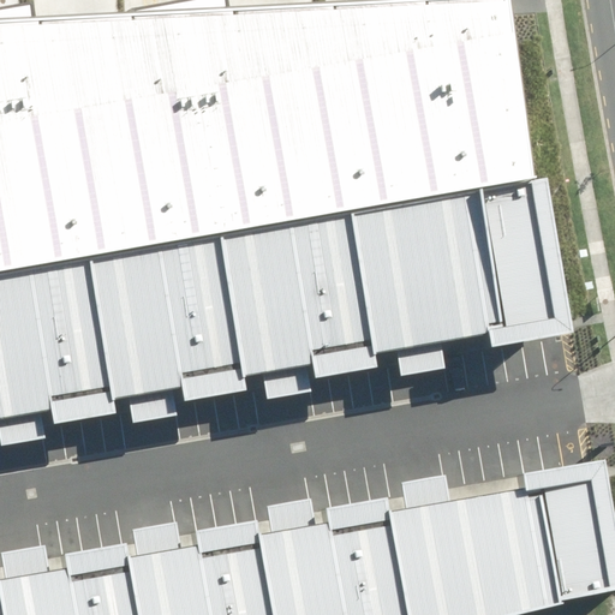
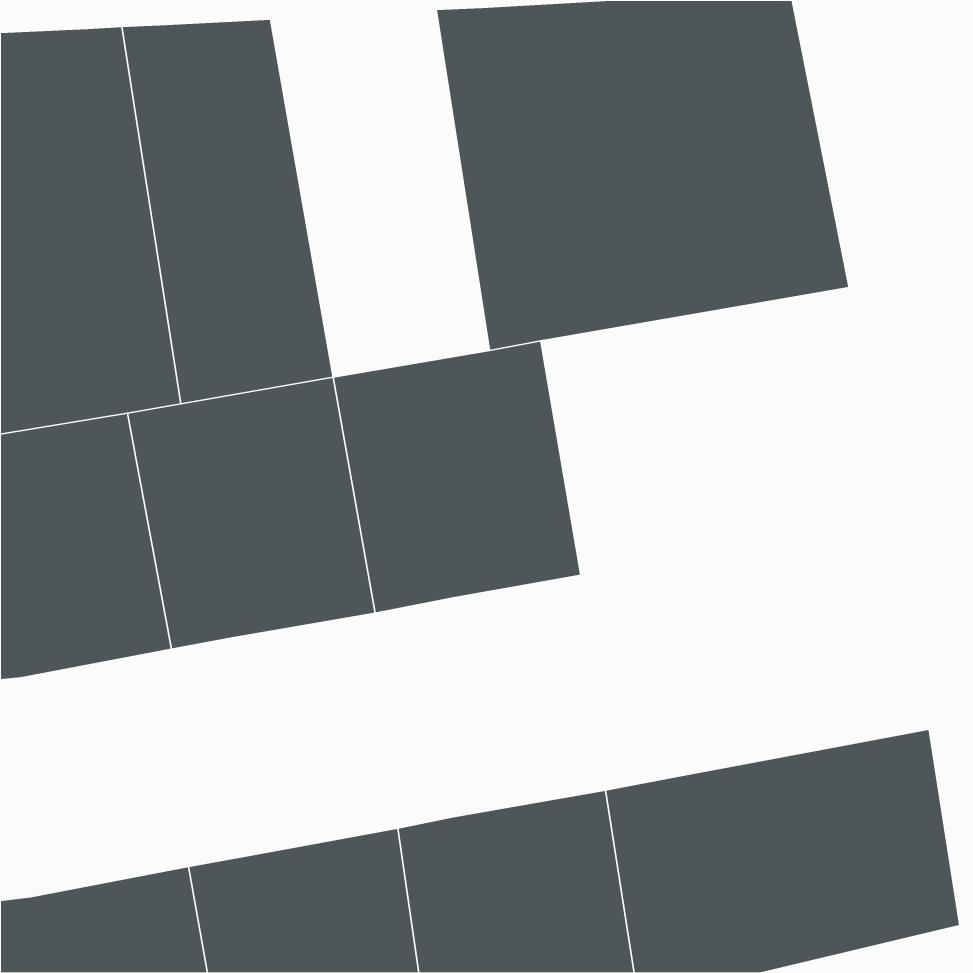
building: [171,6,309,238] -> none
building: [341,181,565,363] -> none

